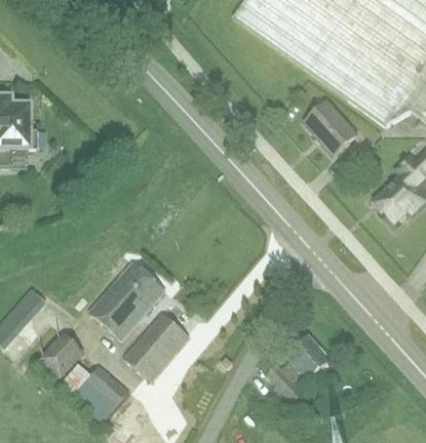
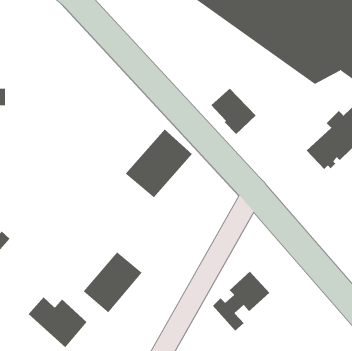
building: [304,102,355,154] -> [211,88,256,135]
building: [90,259,166,337] -> [125,128,193,198]
building: [40,331,85,378] -> none

